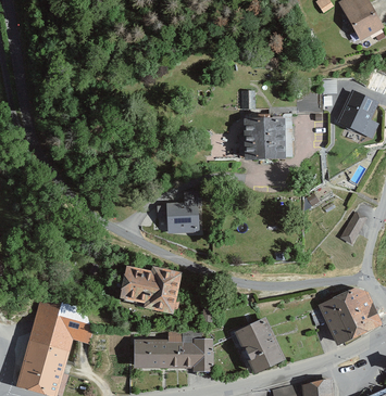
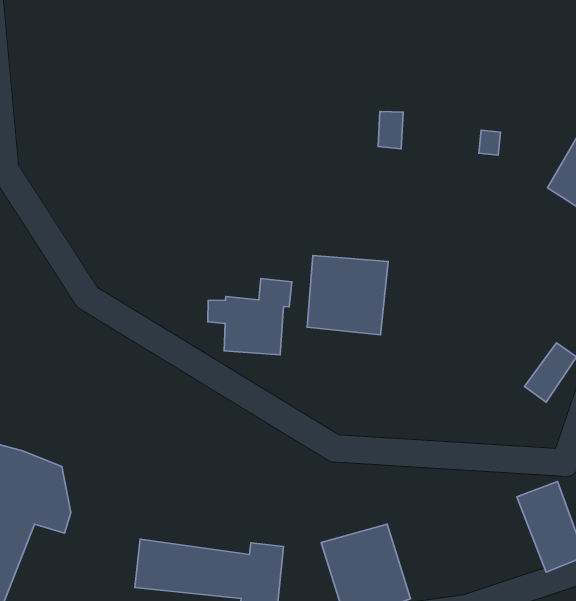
building: [241,119,284,161] -> [307,255,388,335]
building: [121,267,183,316] -> none
building: [319,296,361,347] -> none

